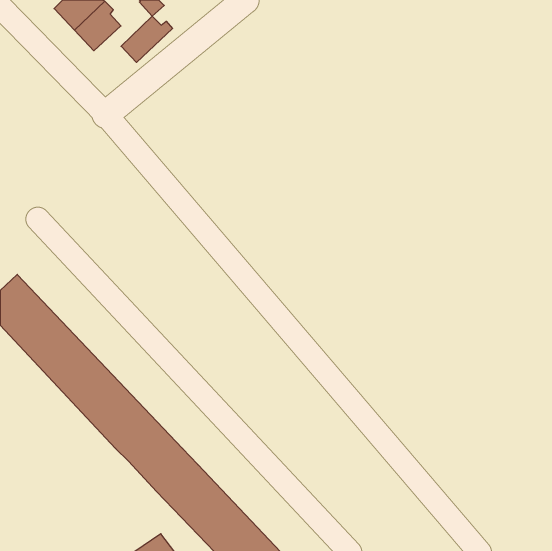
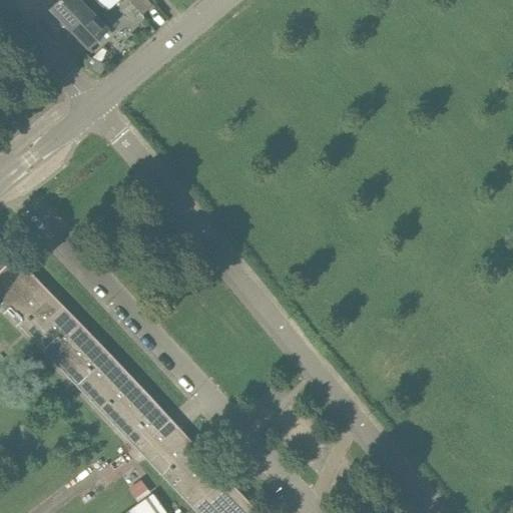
building: [121,16,173,62] -> none

